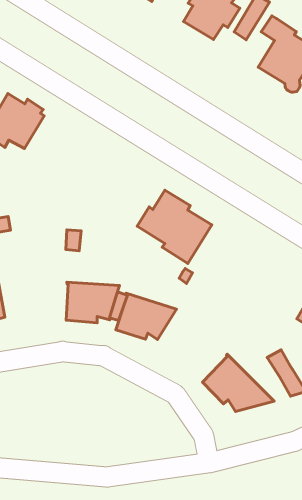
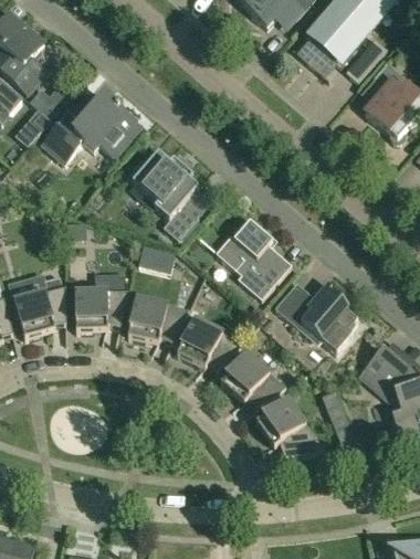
building: none -> [126,150,197,239]
building: none -> [274,281,357,351]
building: none -> [73,291,127,330]
building: none -> [220,352,285,409]

